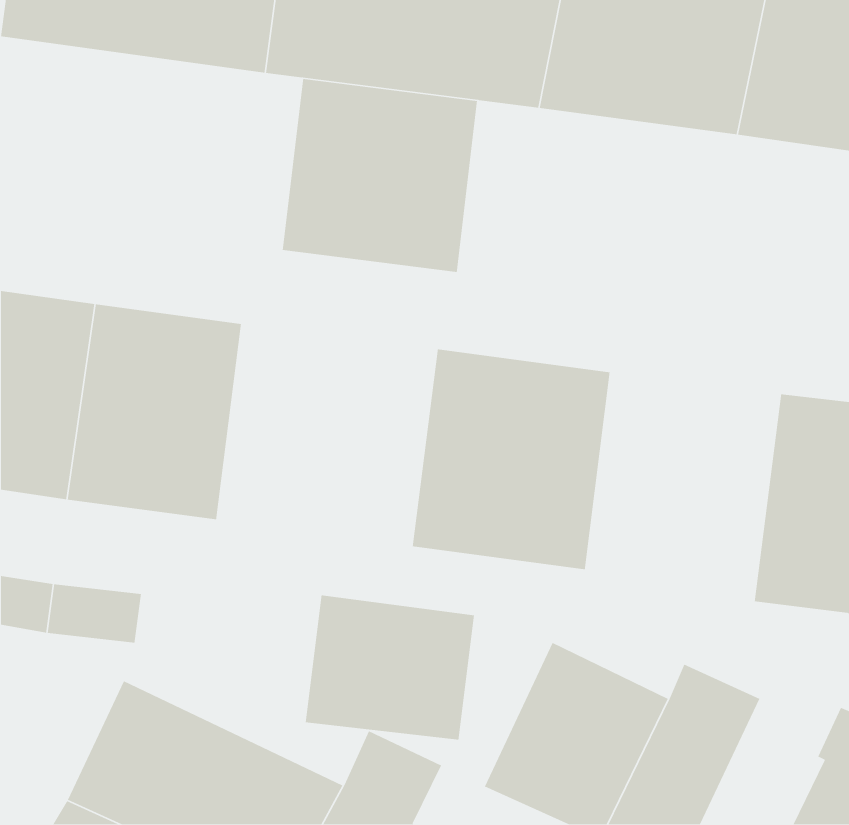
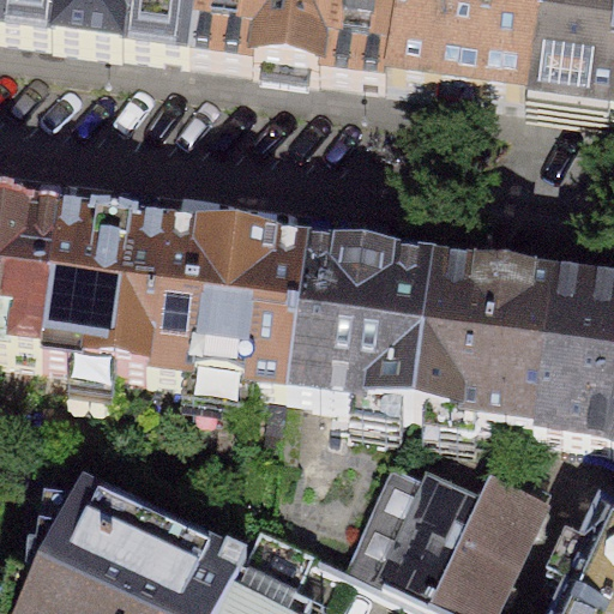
building: [282,78,478,273] -> none
building: none -> [158,233,317,393]
building: none -> [423,267,564,433]
building: [305,595,475,740] -> none

